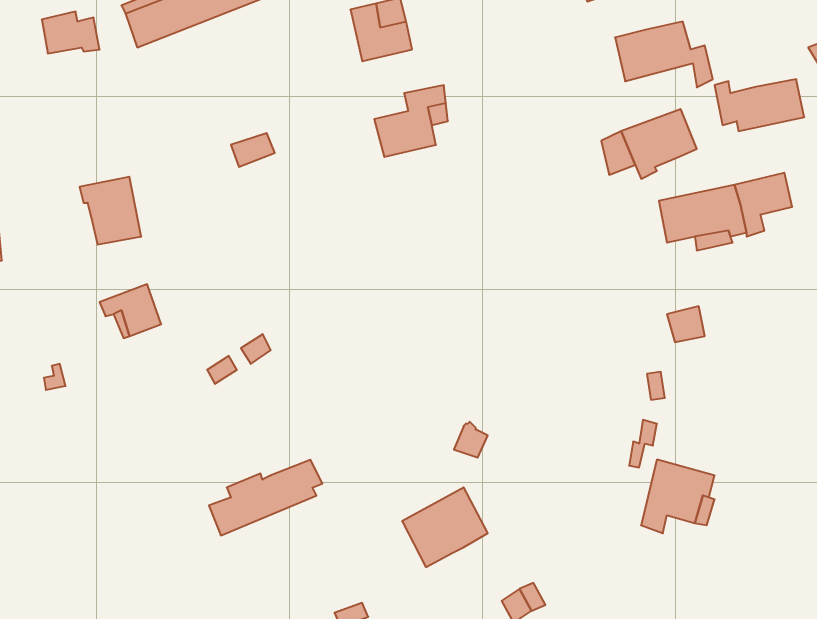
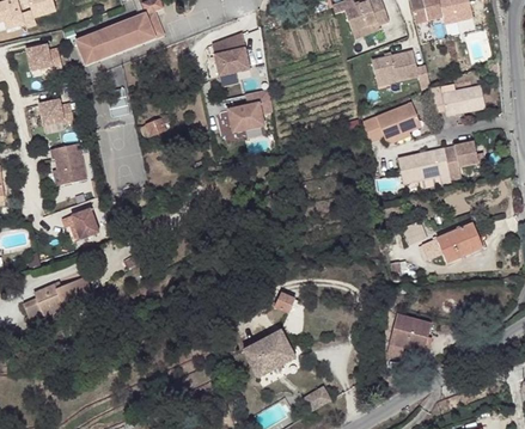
building: none -> [37,99,73,125]
building: none -> [421,223,482,262]
building: [209,460,322,535] -> [23,276,91,321]

